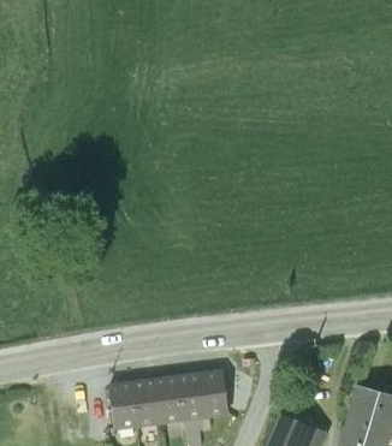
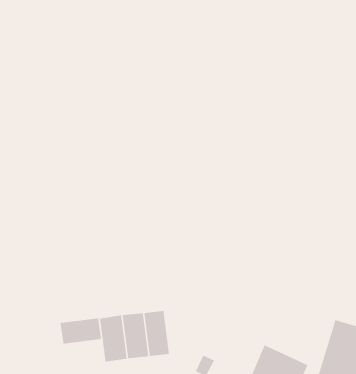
building: [176,369,228,422] -> none
building: none -> [60,317,102,344]

